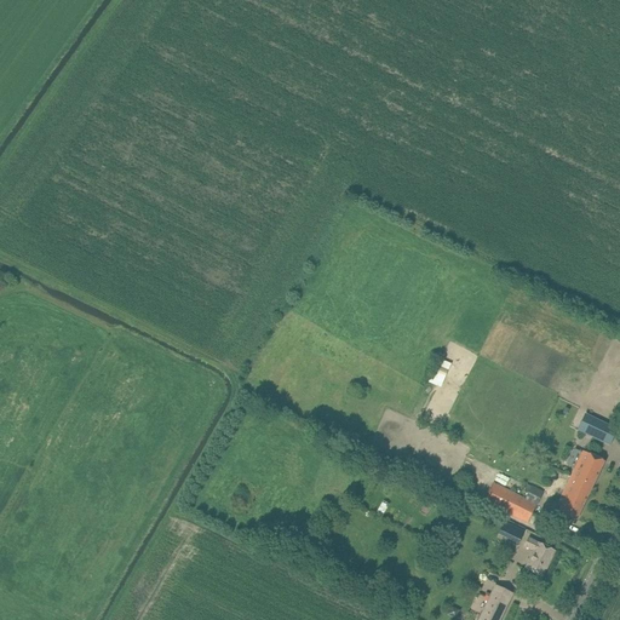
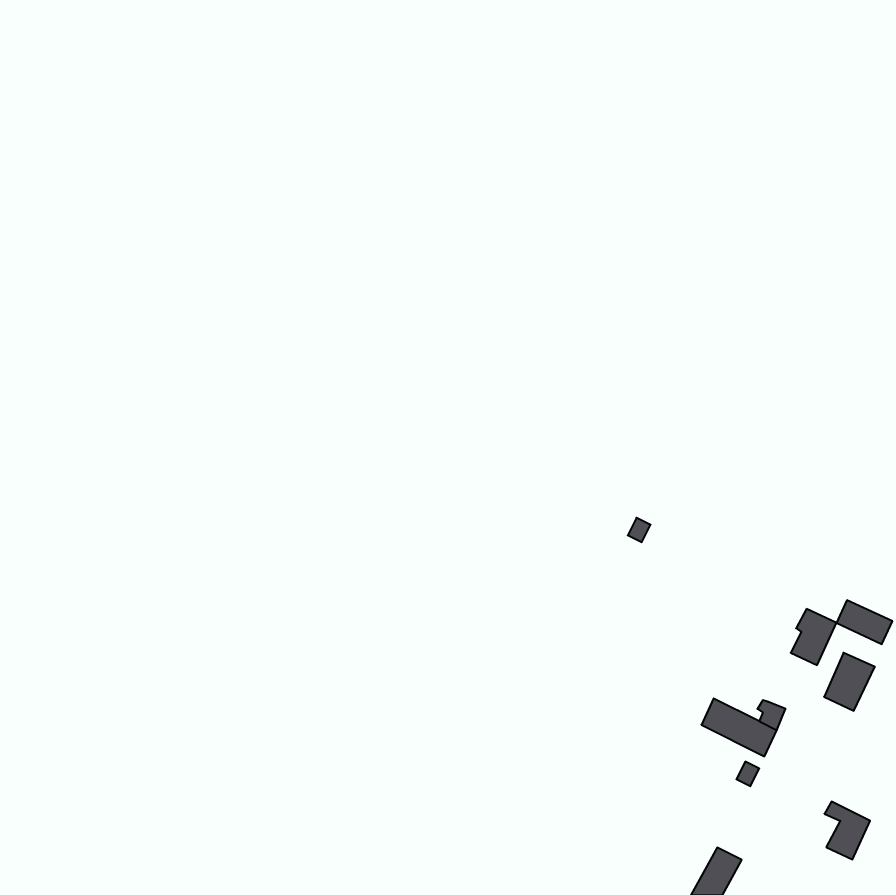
building: [558,481,590,519] -> [791,609,836,665]
building: [523,536,555,576] -> [824,802,870,859]

